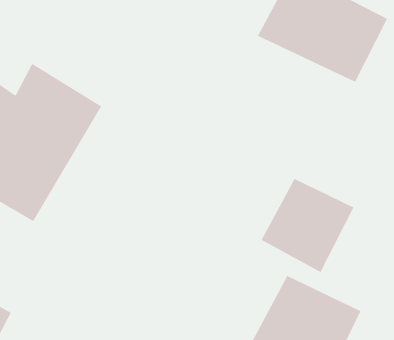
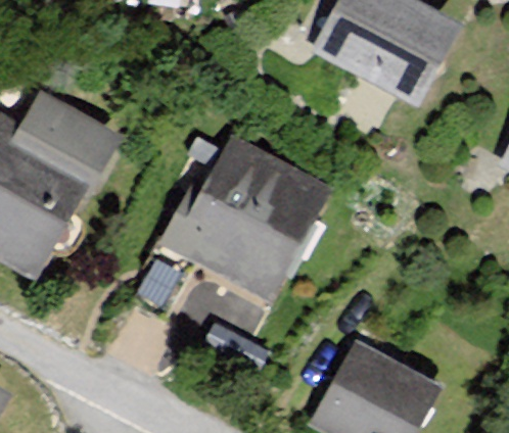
building: none -> [155,132,332,303]
building: [260,178,355,273] -> none

